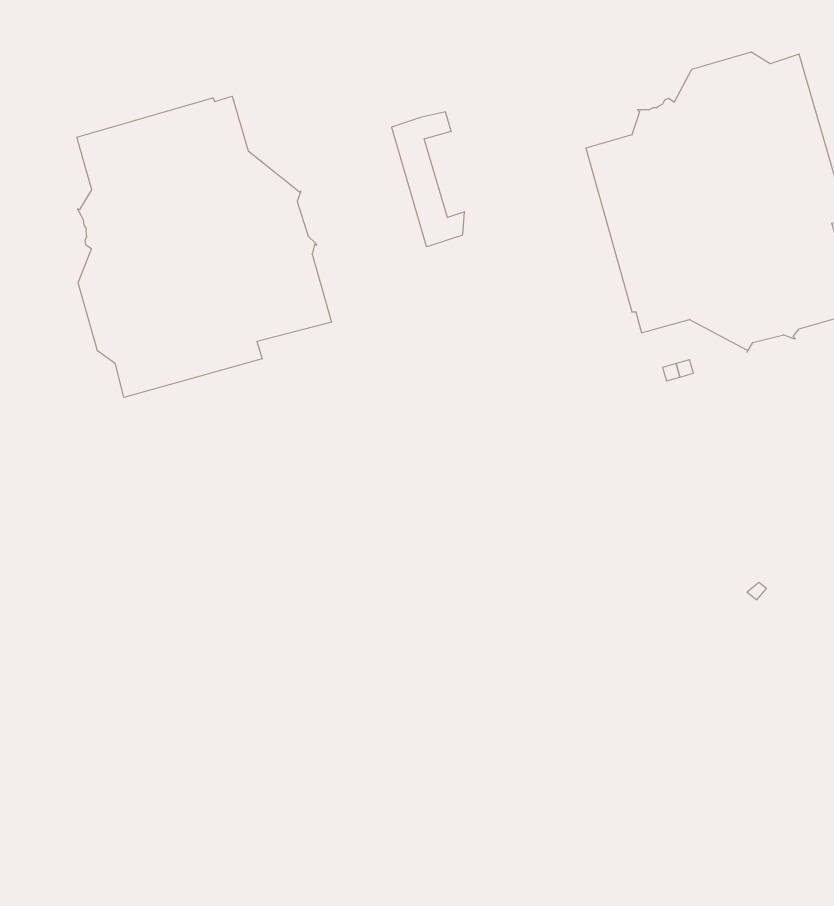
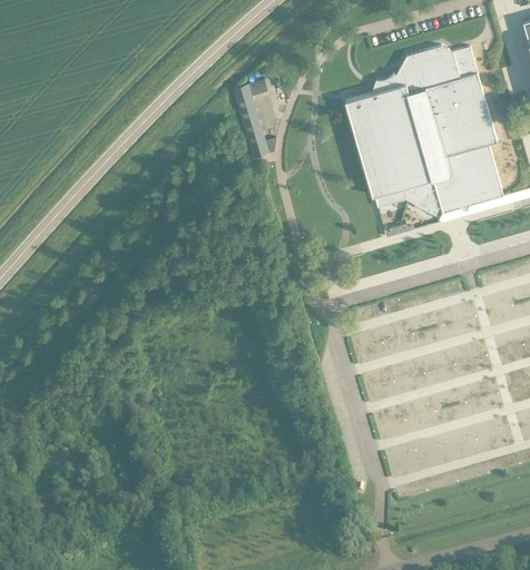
building: [77,96,331,397] -> none

